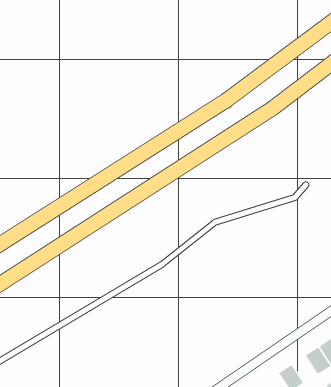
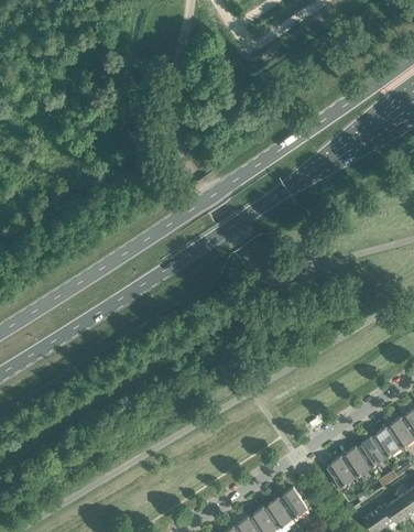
building: none -> [341,447,370,478]

